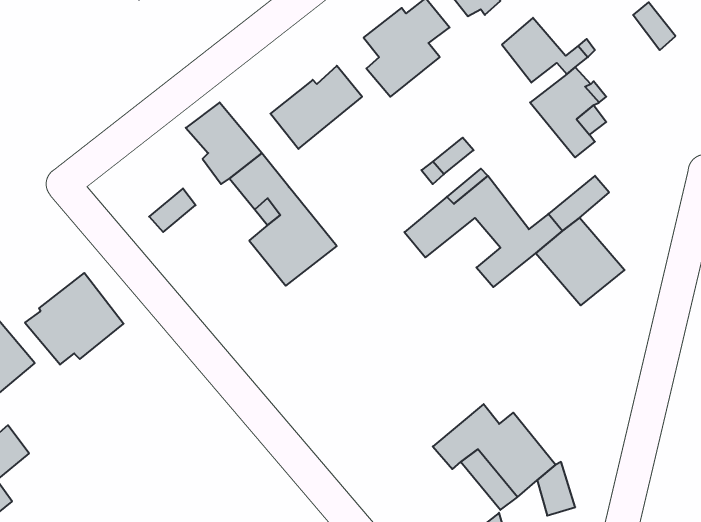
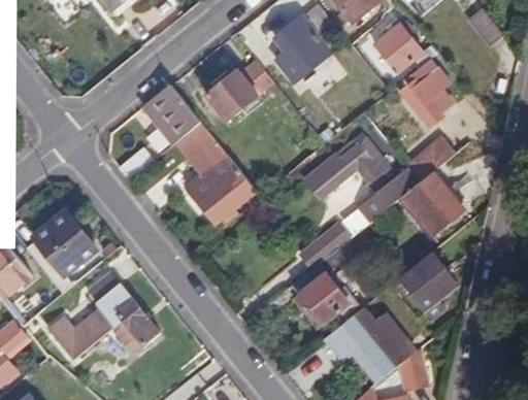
building: none -> [292,224,361,319]
building: none -> [397,252,454,316]
building: none -> [50,272,160,359]

